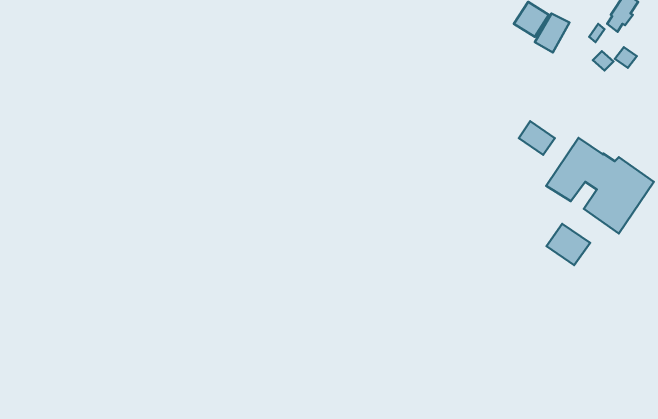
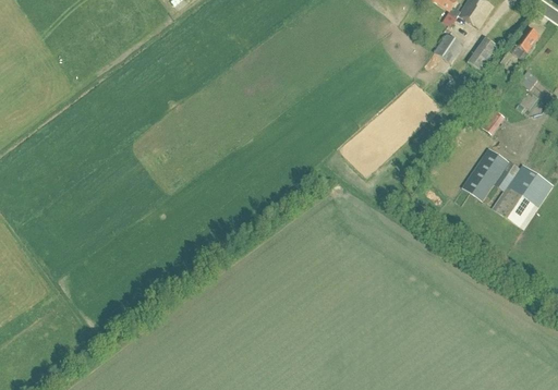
building: [519,121,555,155] -> none
building: [546,224,590,265] -> none

